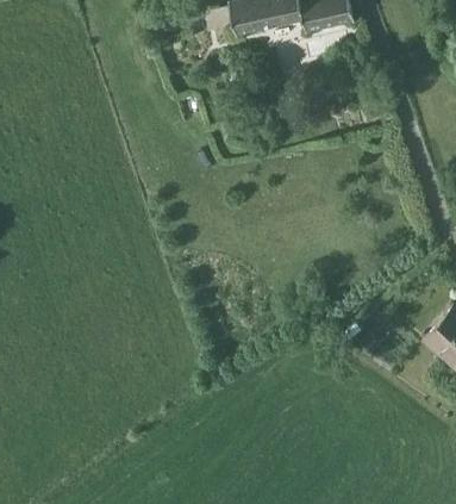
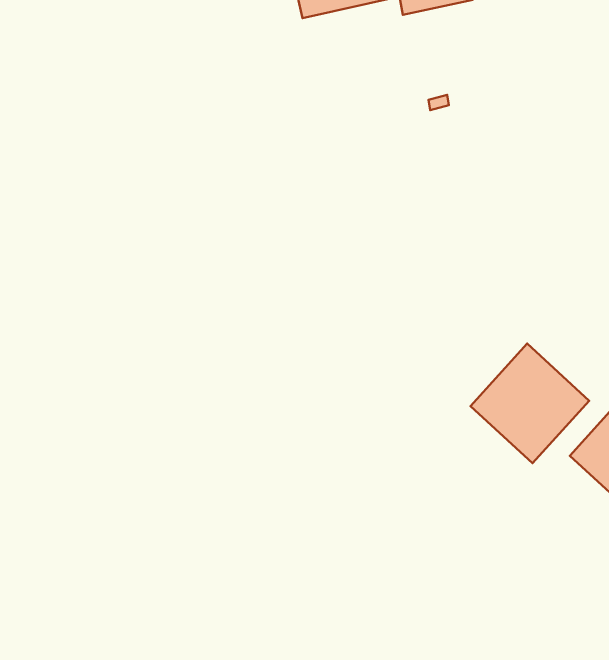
building: none -> [470,344,589,463]

